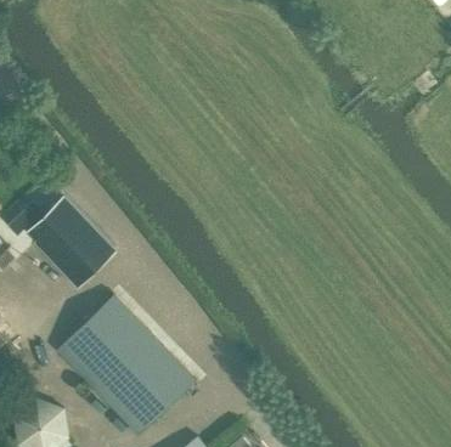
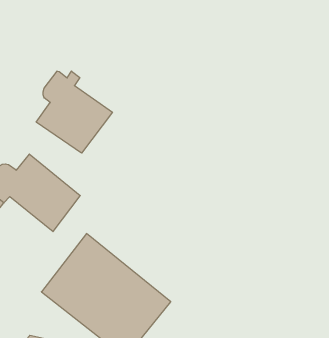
building: none -> [36,71,112,153]

